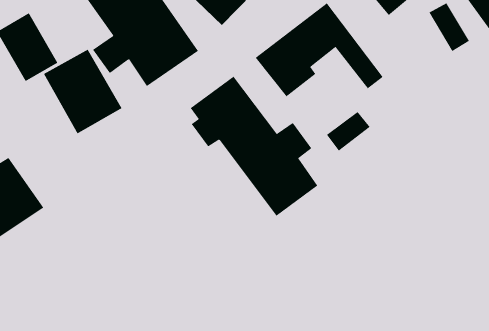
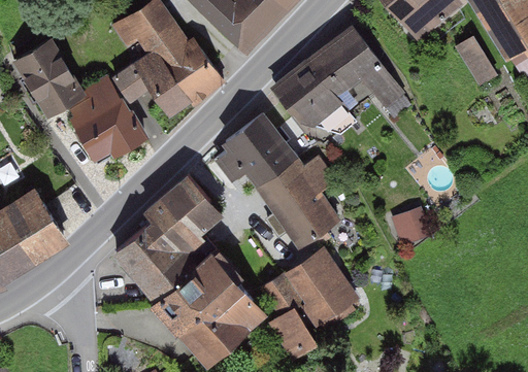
building: [326,111,371,152] -> none
building: none -> [118,176,266,361]
building: none -> [394,204,434,244]
building: none -> [259,247,365,364]

